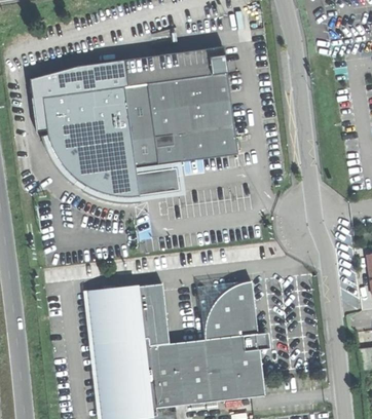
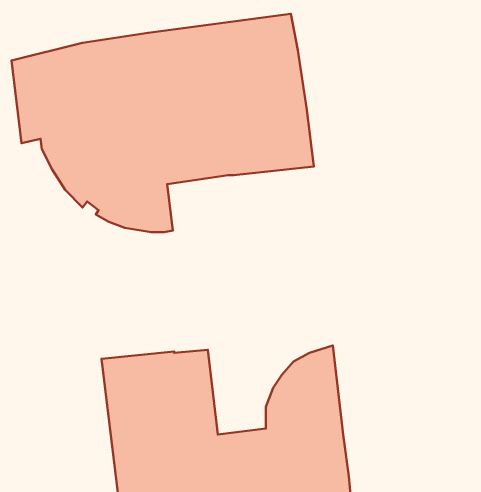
building: [135,160,186,199] -> none

